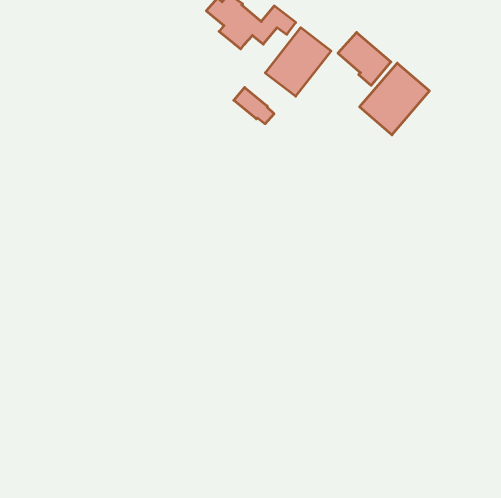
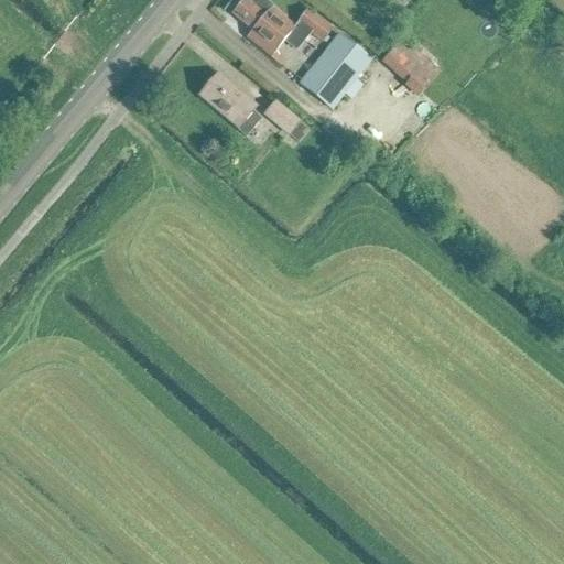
building: [360,63,429,135] -> none
building: none -> [199,72,261,134]

